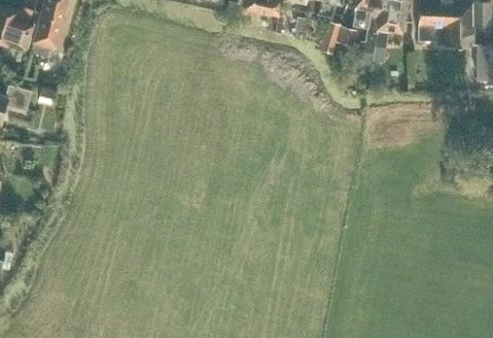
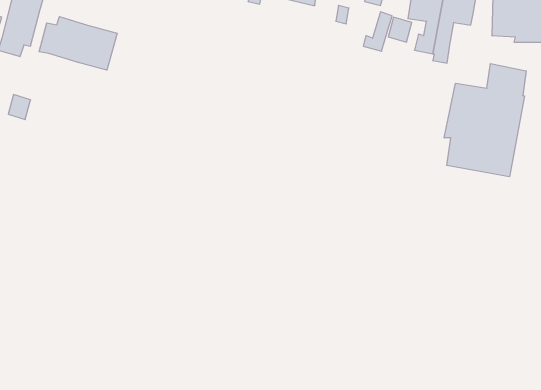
building: none -> [39,17,117,70]
building: none -> [444,64,526,177]

